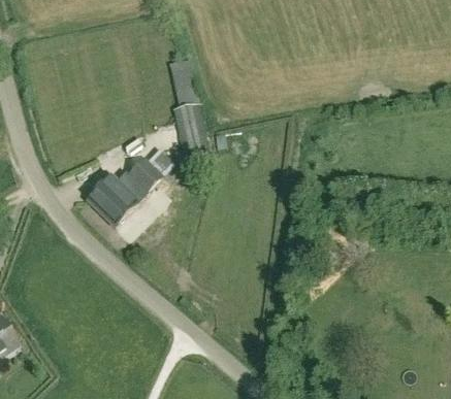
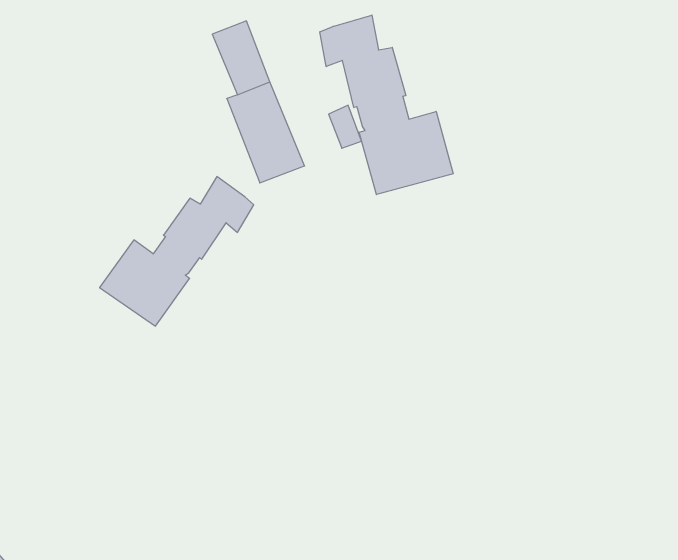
building: none -> [320,15,453,195]

